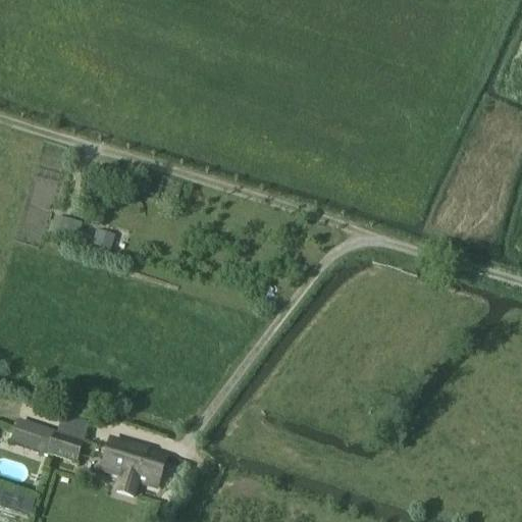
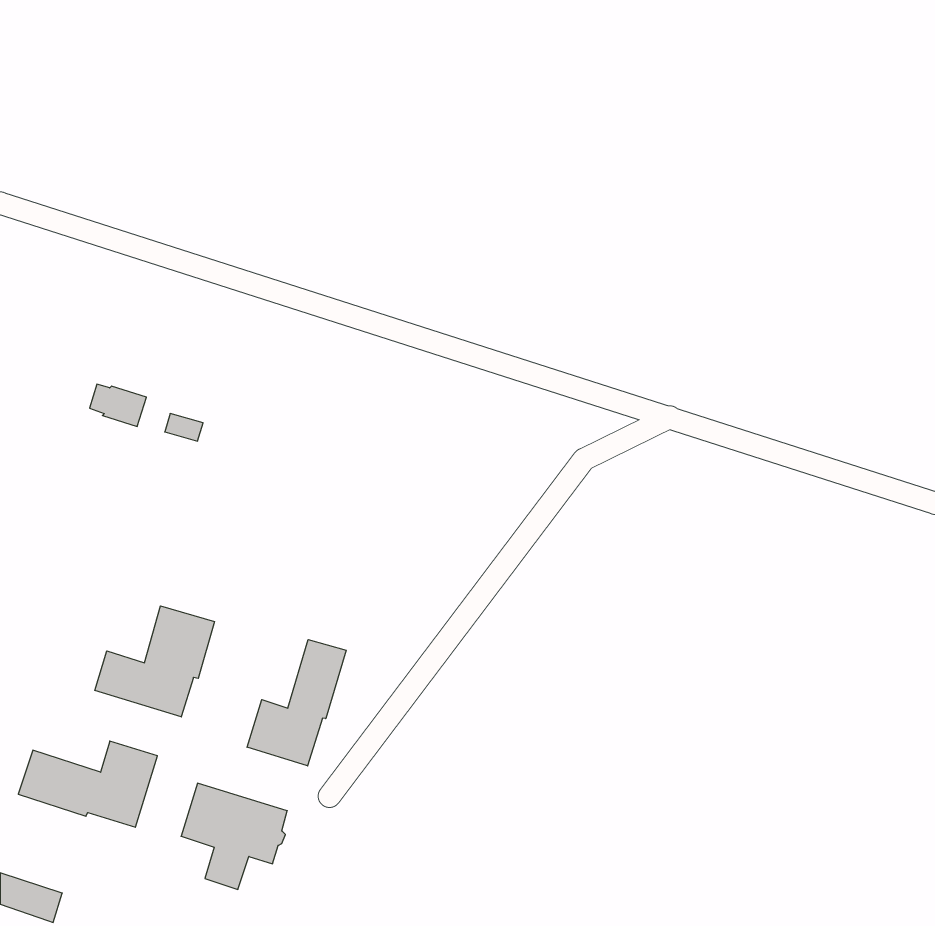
building: none -> [95,606,214,717]
building: none -> [247,640,346,766]

